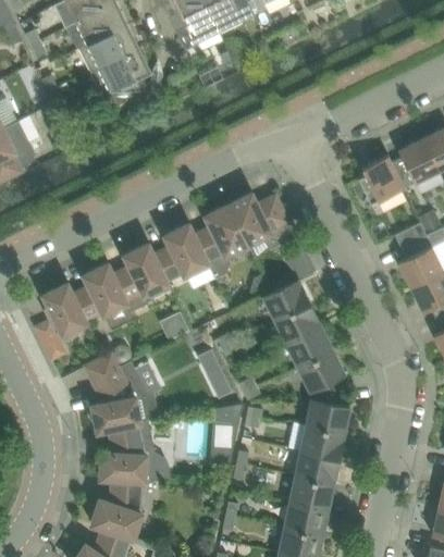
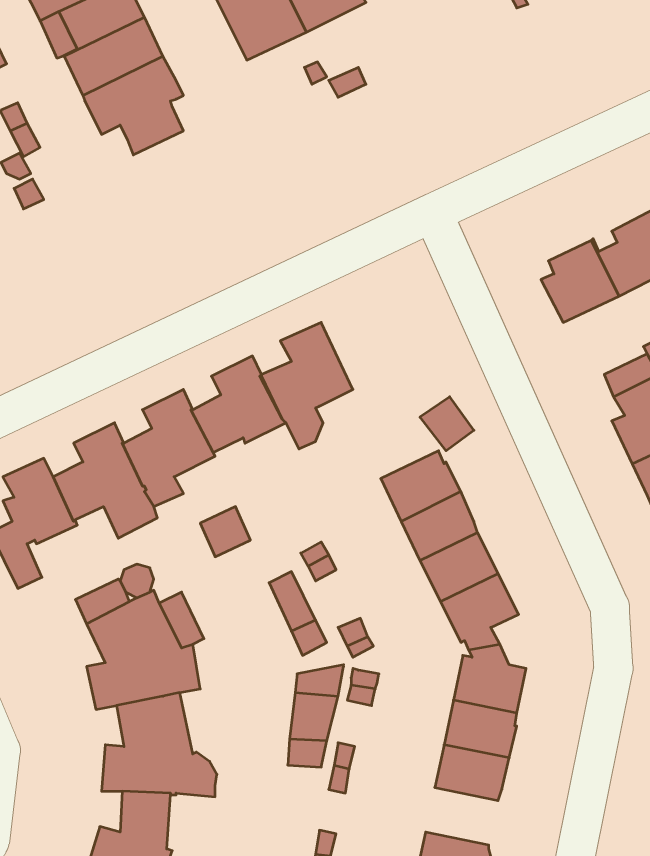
building: [229,194,289,248] -> none
building: [289,476,332,510] -> none

